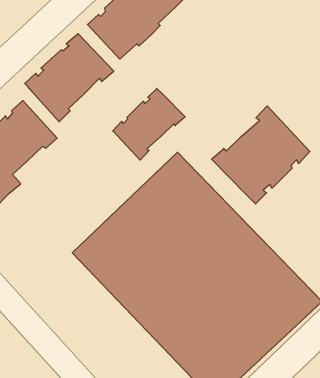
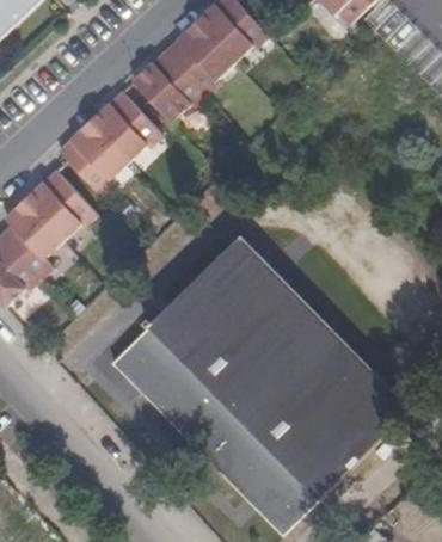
building: [113,88,185,160] -> none
building: [212,106,310,204] -> none

